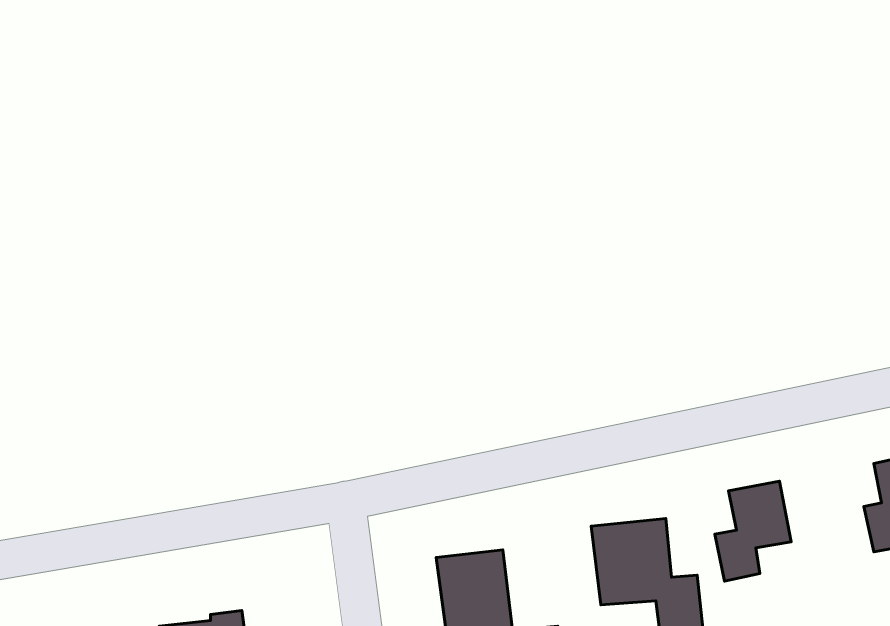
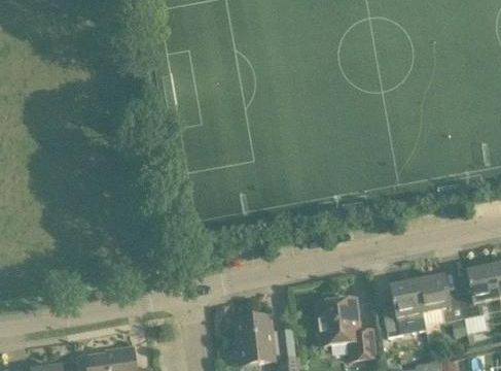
building: none -> [415,273,467,334]

